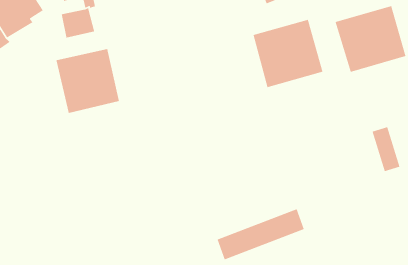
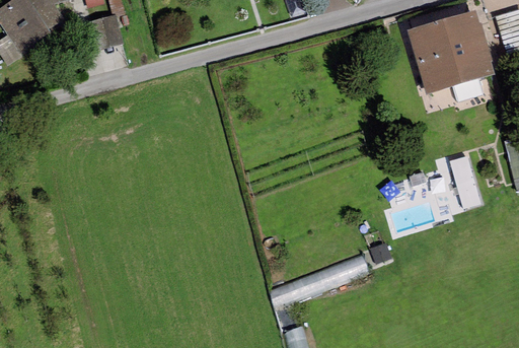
building: [253,19,324,88] -> none
building: [55,48,120,114] -> none

